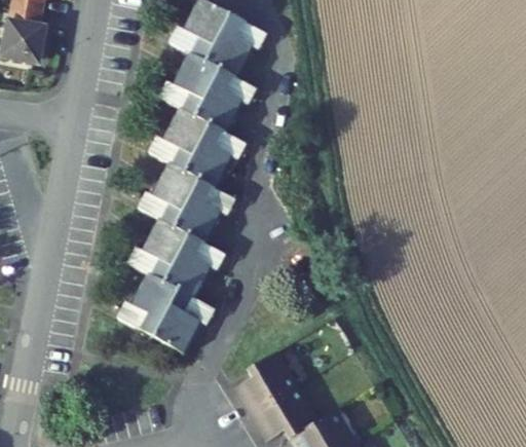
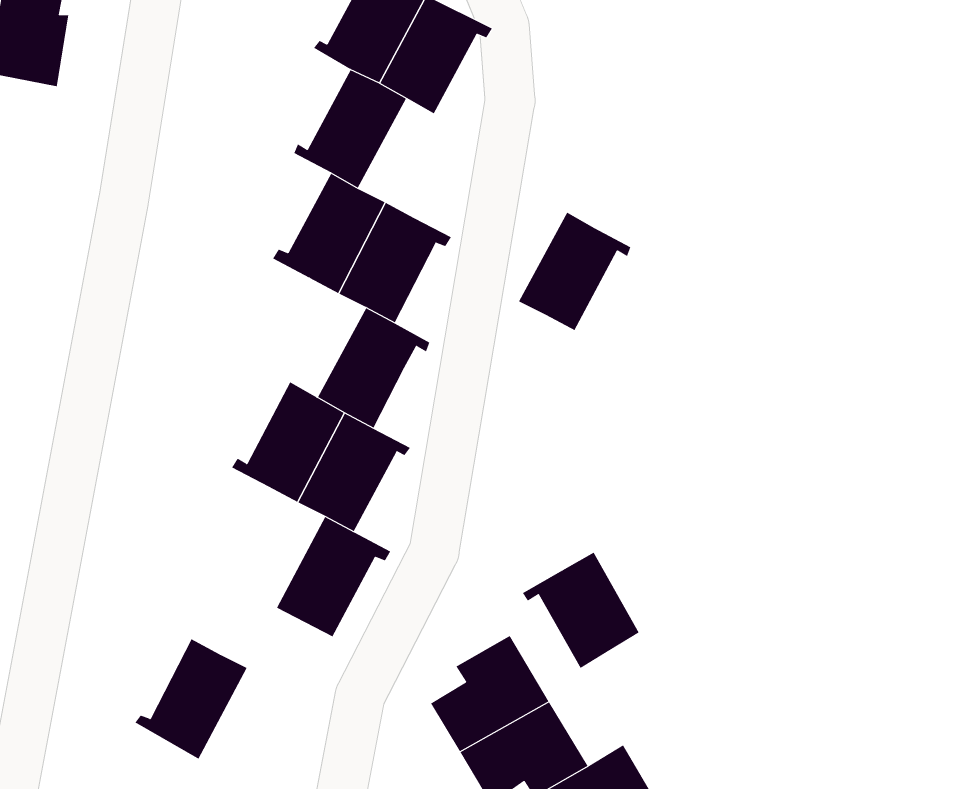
building: [195,69,255,132] -> [518,212,631,331]
building: [140,163,199,226] -> none
building: [118,273,178,337] -> [134,639,248,760]
building: none -> [522,552,640,669]

